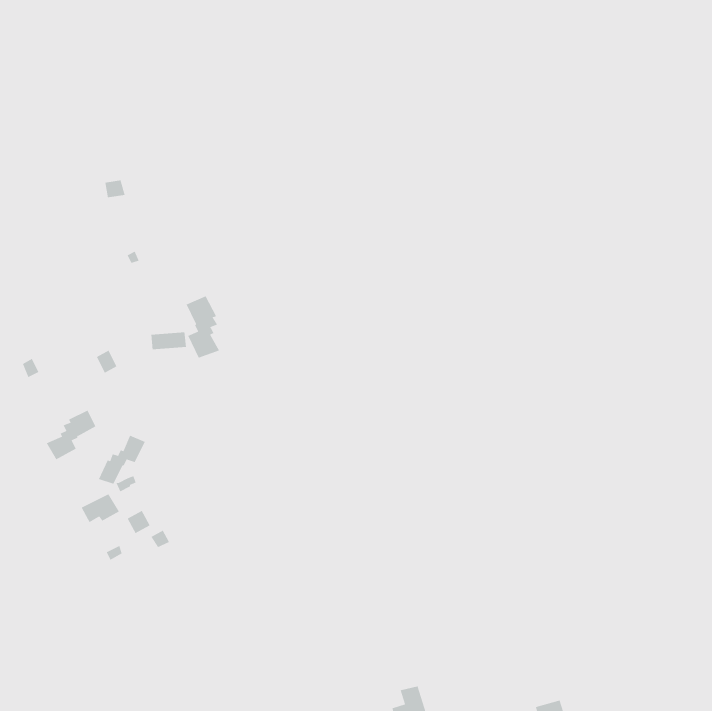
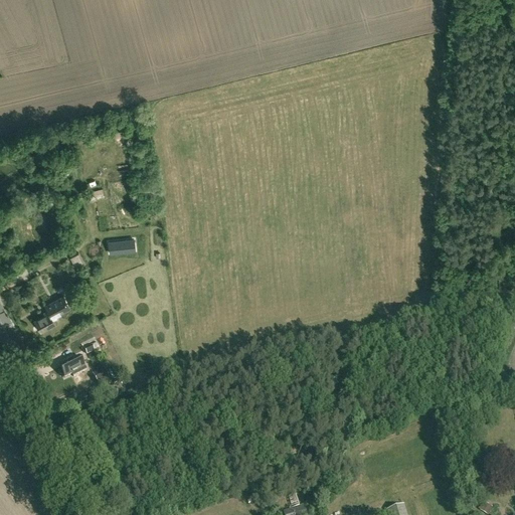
building: [186,295,220,359] -> none
building: [98,435,145,485] -> none

